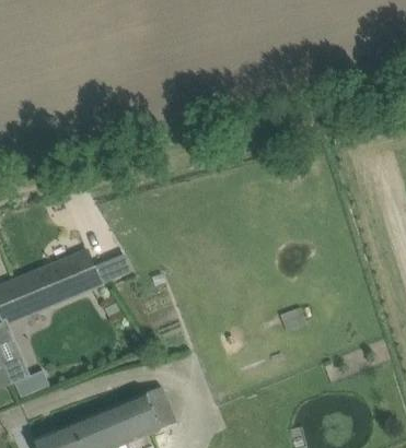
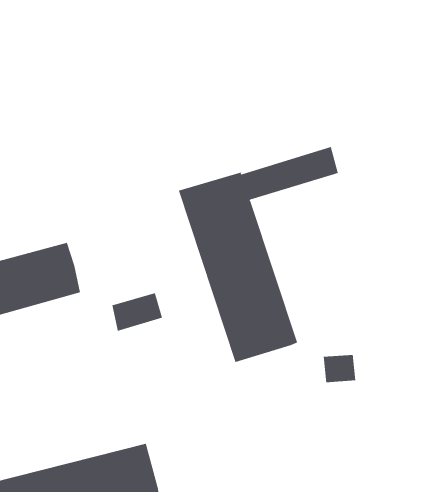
building: none -> [178,146,339,363]
building: [93,254,131,285] -> [111,293,163,332]

